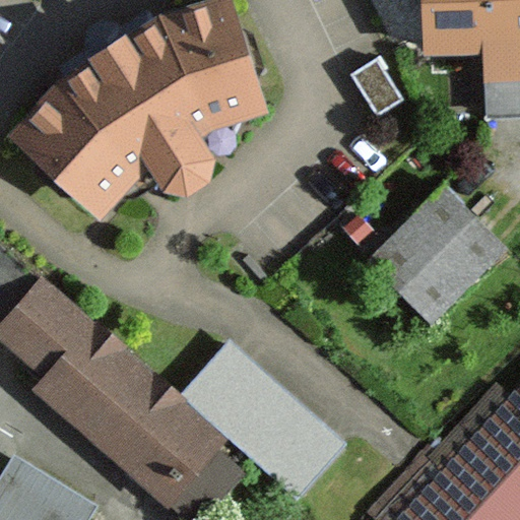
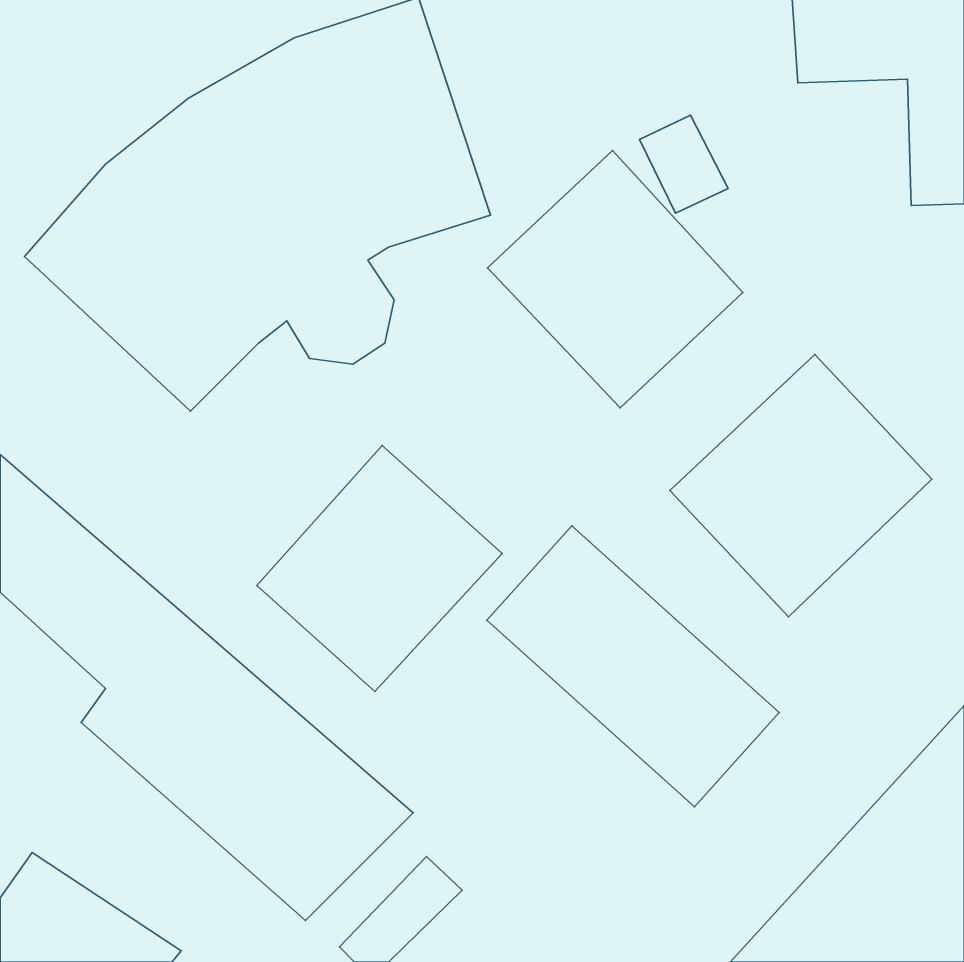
building: none -> [488,150,743,408]
building: none -> [257,445,502,692]
building: [186,343,343,495] -> [487,526,779,807]

